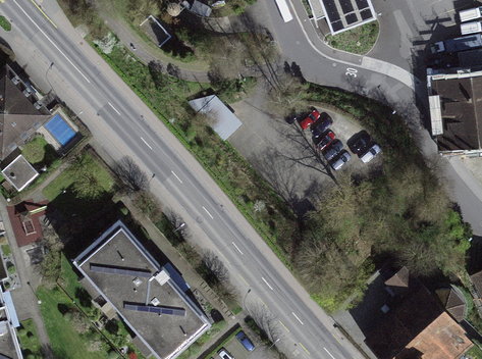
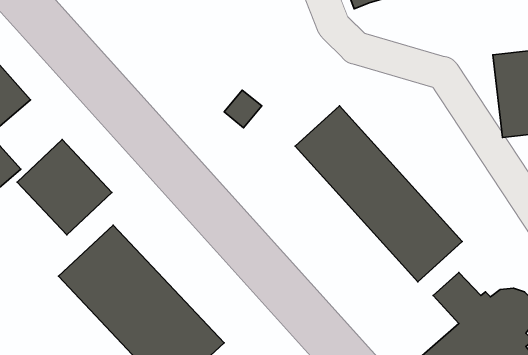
building: none -> [295,106,462,282]
building: none -> [17,140,112,235]

